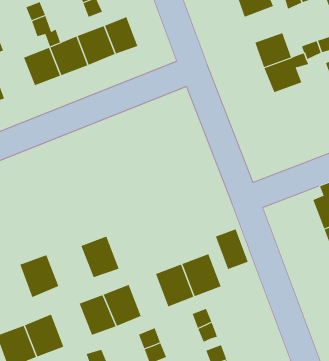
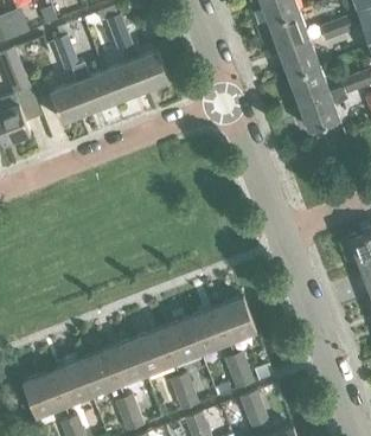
building: none -> [280,40,320,78]
building: [215,228,248,270] -> none
building: [81,236,119,278] -> [160,319,200,363]
building: [19,254,59,298] -> [79,350,121,395]

